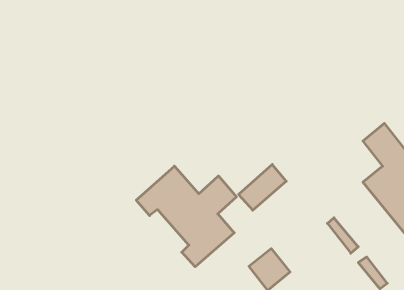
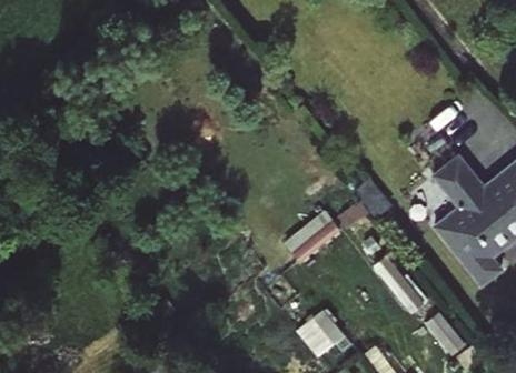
building: [136,166,236,267] -> none

